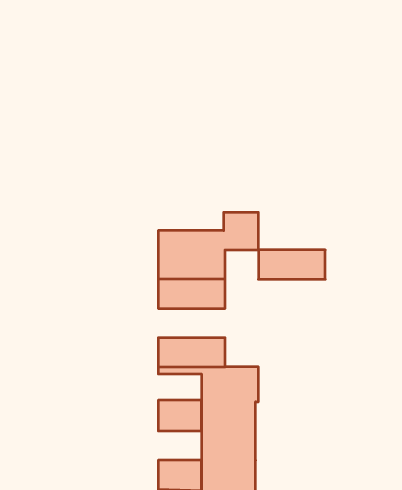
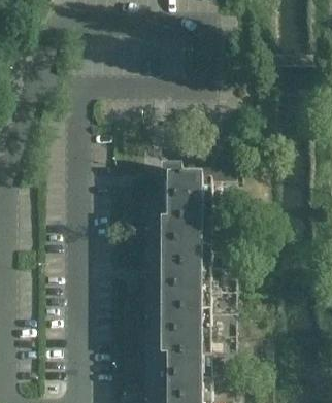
building: [258,250,325,279] -> [150,231,199,253]
building: none -> [150,279,181,299]
building: none -> [150,322,181,343]

